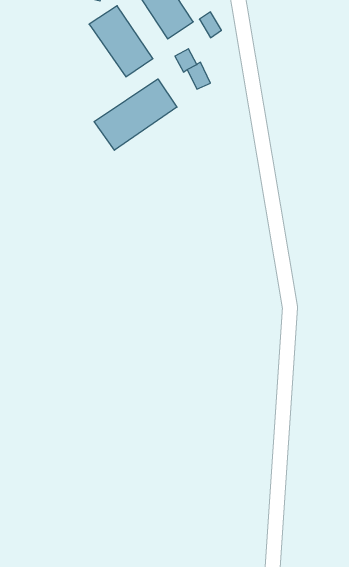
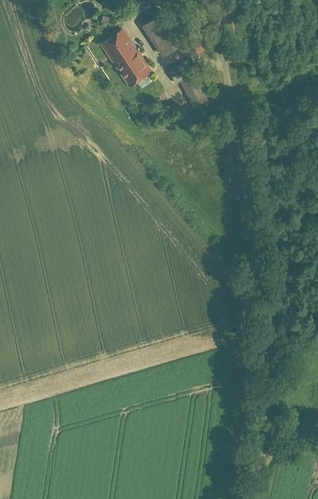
building: [94,79,177,150] -> none

